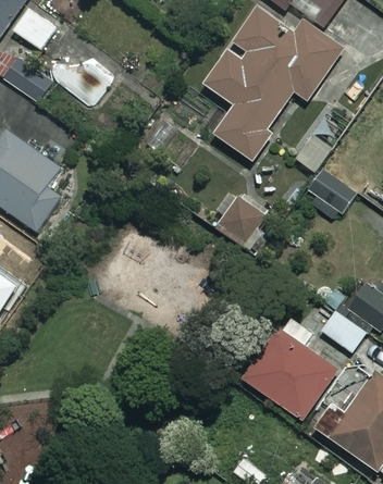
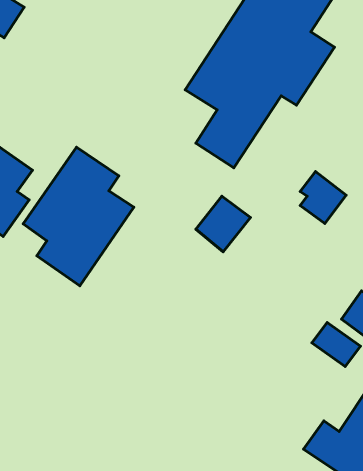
building: none -> [23,147,134,286]
building: [244,315,337,419] -> none

